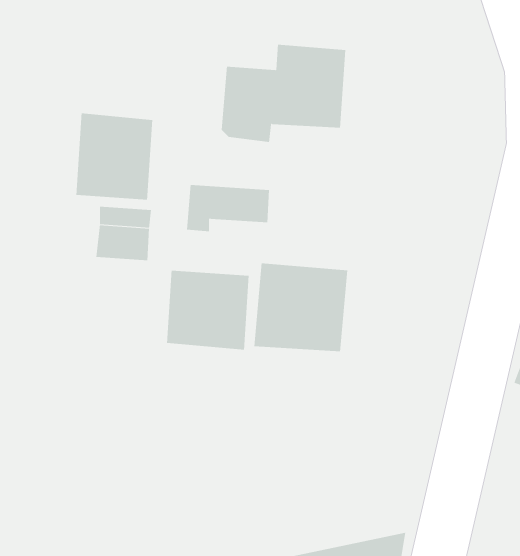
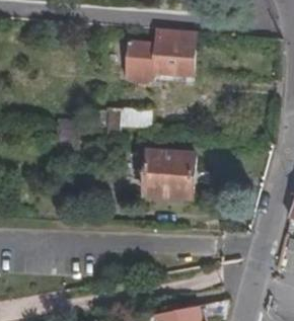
building: [76,113,153,201] -> none
building: [166,270,249,351] -> none

